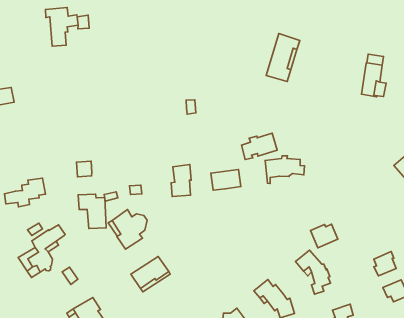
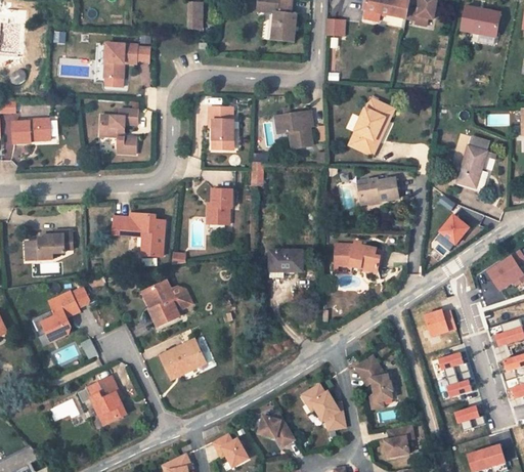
building: none -> [275,111,312,148]
building: none -> [209,106,233,151]
building: none -> [99,110,138,155]
building: none -> [435,215,469,251]
building: [241,133,277,160] -> [358,178,399,205]
building: [171,164,191,197] -> [207,189,232,225]
building: [78,194,106,228] -> [133,214,165,257]
building: [310,224,338,248] -> [424,310,454,337]
building: none -> [437,352,468,377]

